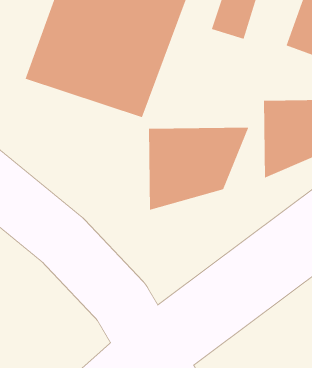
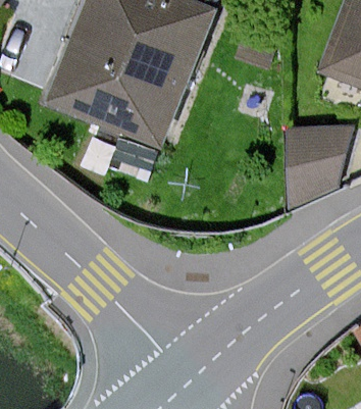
building: [148,127,249,211] -> none

